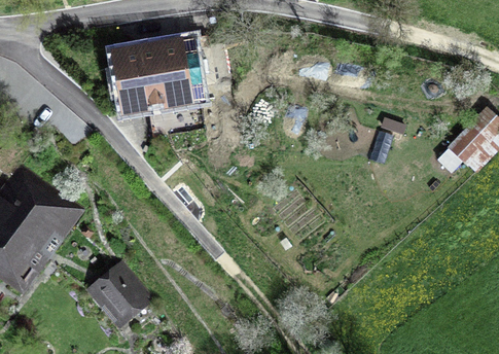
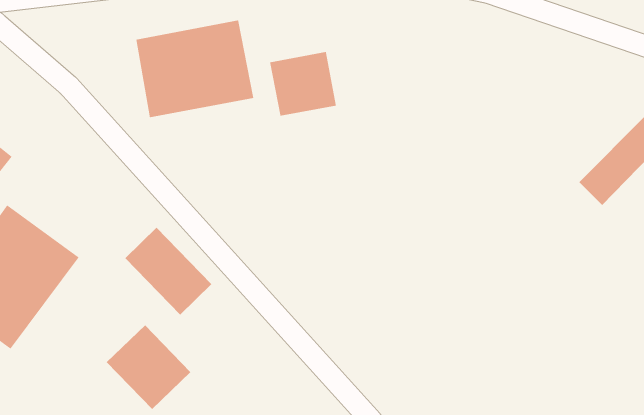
building: none -> [270,51,336,117]
building: none -> [125,227,212,315]

